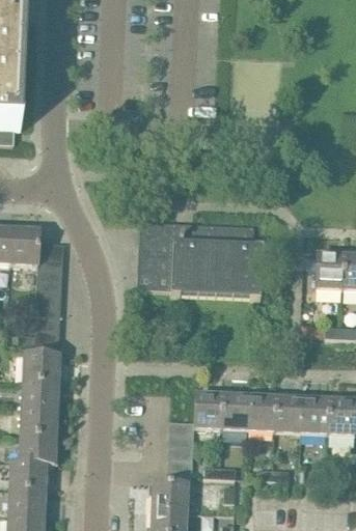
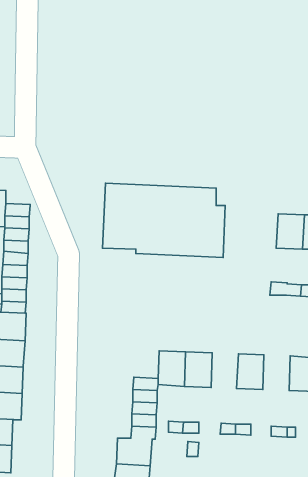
building: [249,395,277,431] -> none
building: [302,397,330,434] -> none

